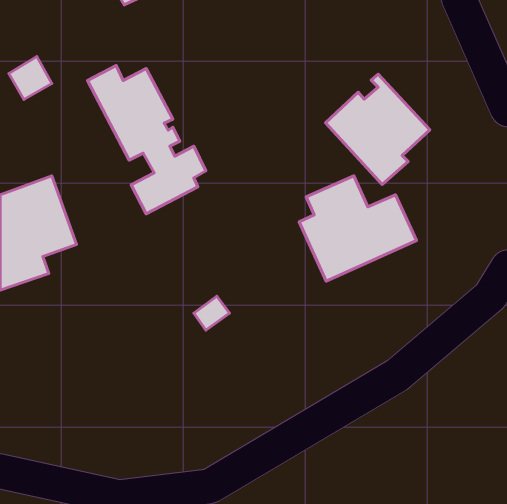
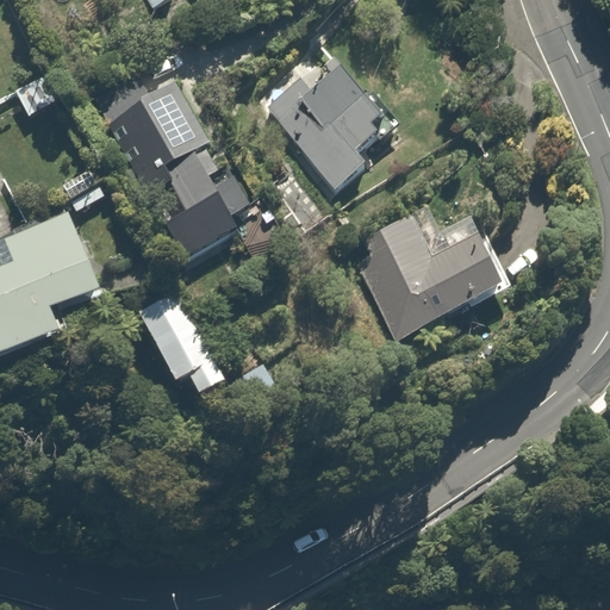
building: [326,74,430,184] -> [270,57,396,189]
building: none -> [139,294,223,391]

